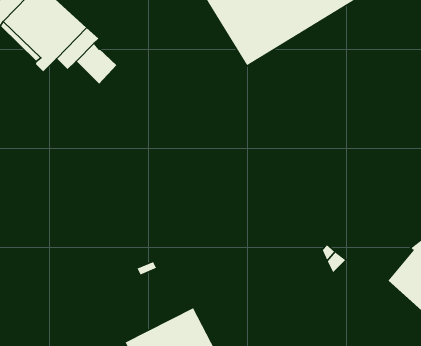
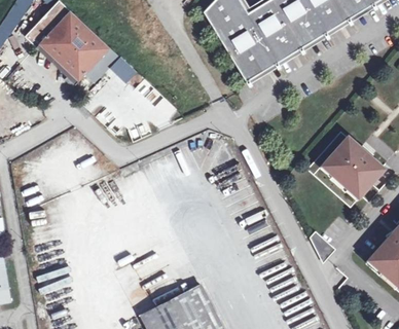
building: none -> [307,131,382,207]

